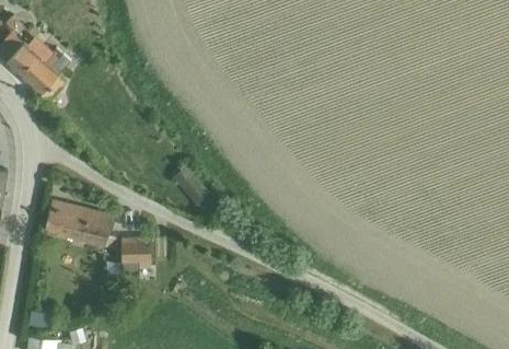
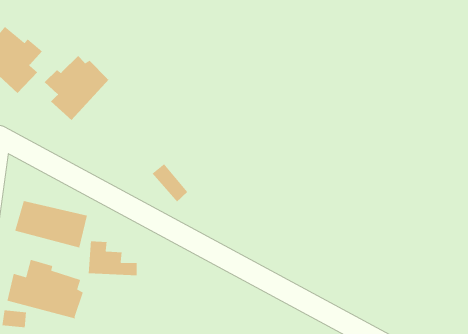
building: none -> [44,55,110,121]
building: none -> [6,259,84,319]

